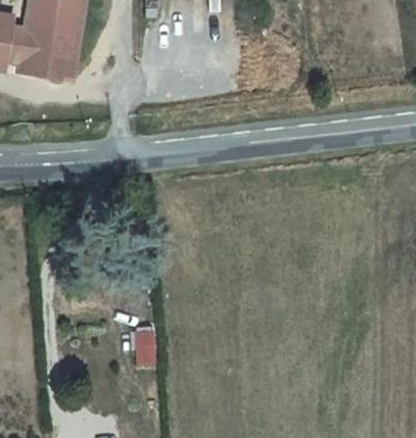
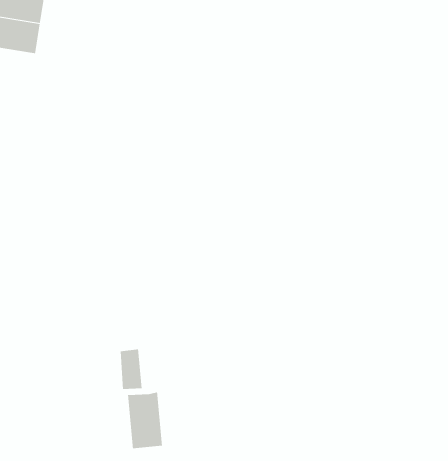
building: none -> [128,392,163,449]

